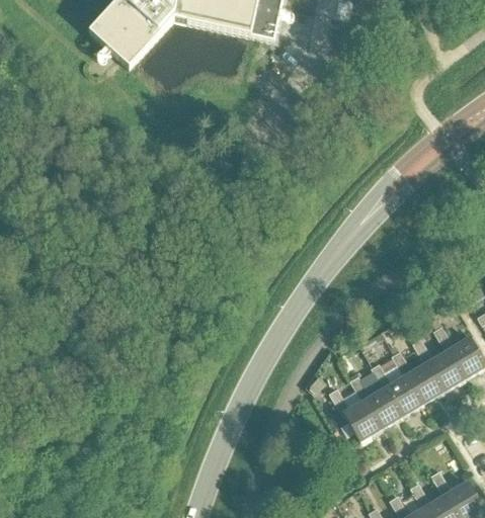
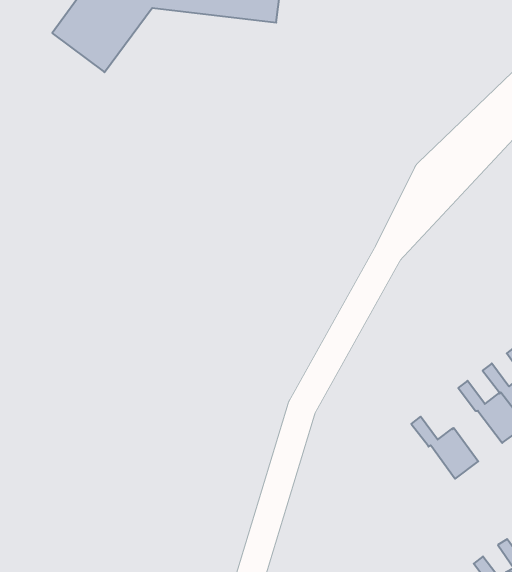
building: [372,363,423,417] -> none
building: [330,387,382,441] -> none

